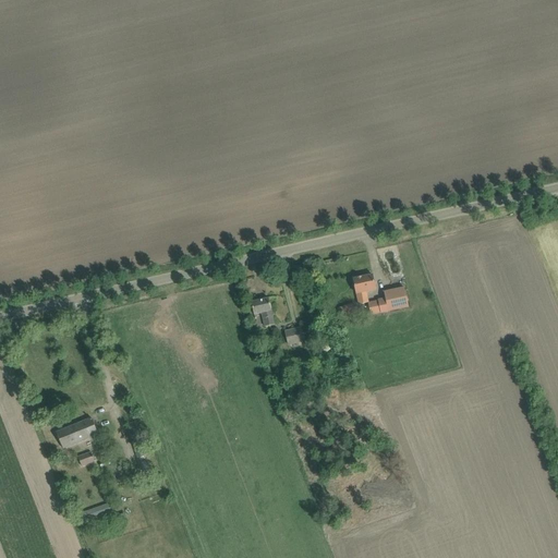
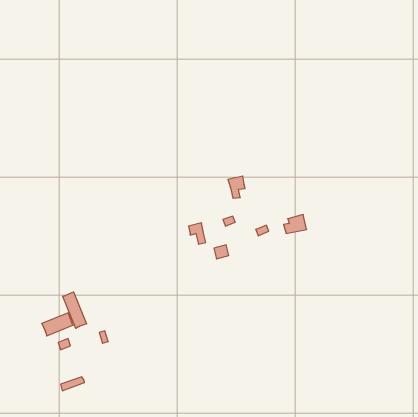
building: [352,272,375,302] -> [228,176,245,198]
building: none -> [63,292,87,328]

